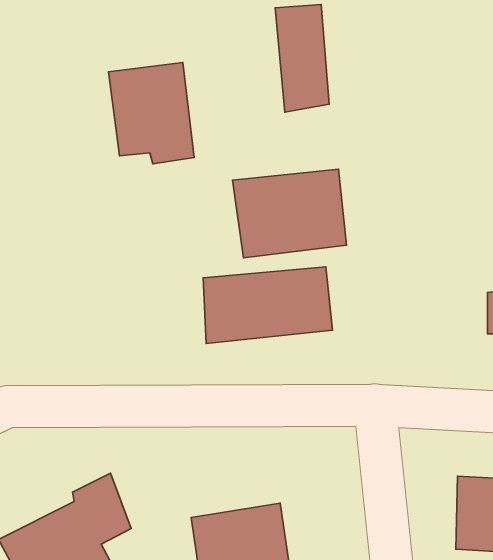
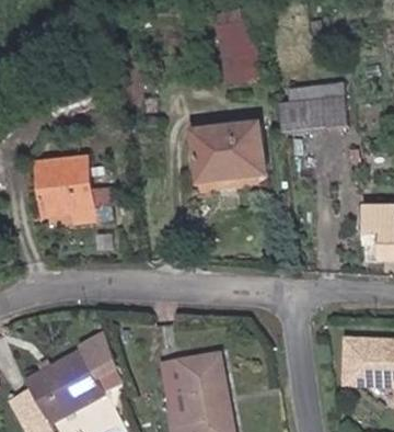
building: [109,62,194,164] -> [36,155,95,225]
building: none -> [278,81,349,133]
building: [203,267,333,343] -> none

